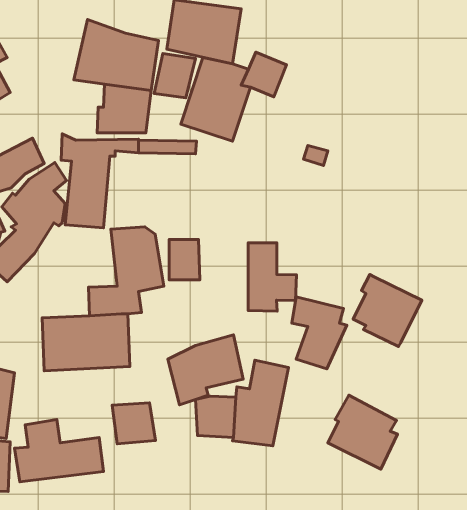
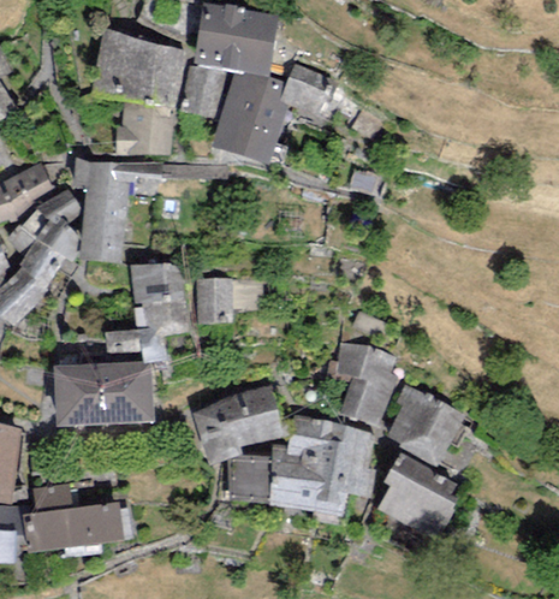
building: [248,243,297,311] -> none
building: [353,275,422,347] -> [387,384,465,465]
building: none -> [315,422,376,517]
building: [112,403,156,444] -> none

